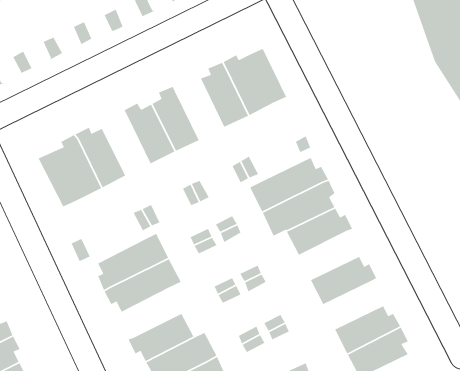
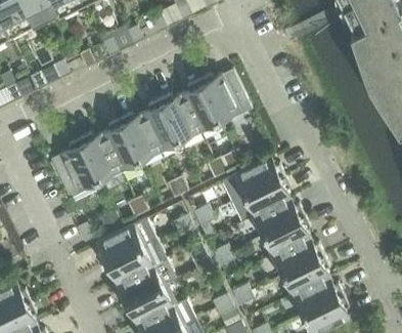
building: none -> [159,93,199,143]
building: none -> [101,119,140,172]
building: none -> [260,215,309,256]
building: none -> [279,255,329,296]
building: none -> [117,258,175,304]

